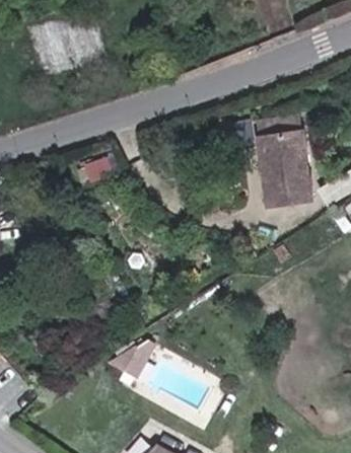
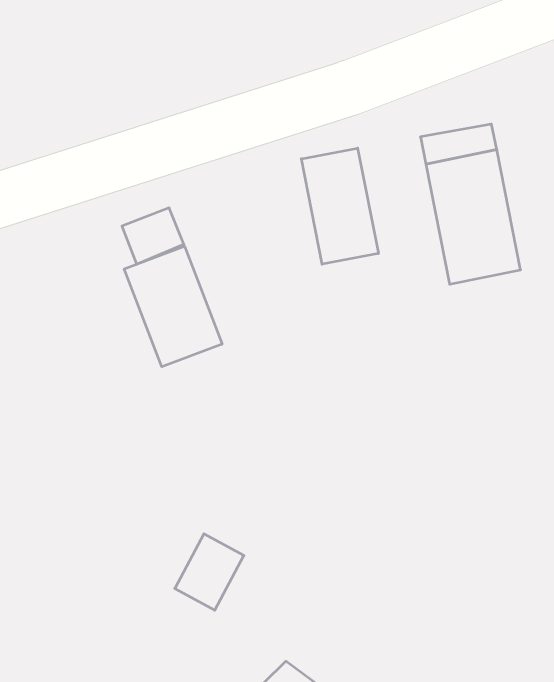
building: none -> [301,148,378,264]
building: none -> [124,246,222,367]

